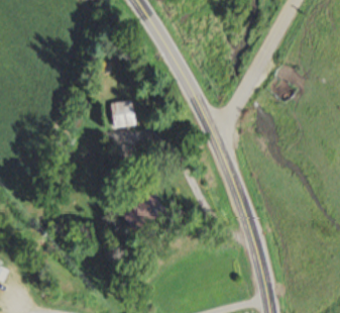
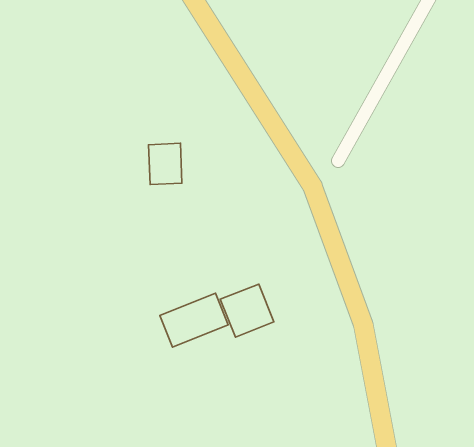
building: none -> [220,284,274,337]

